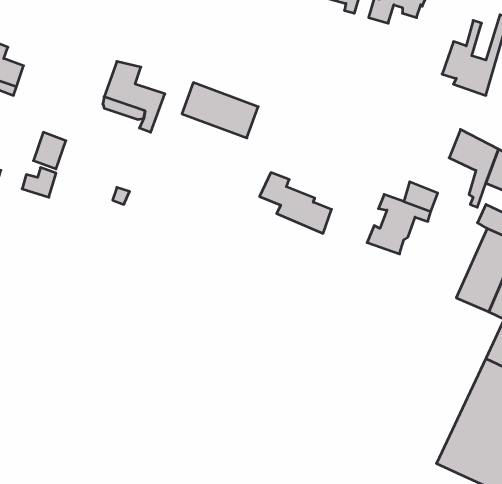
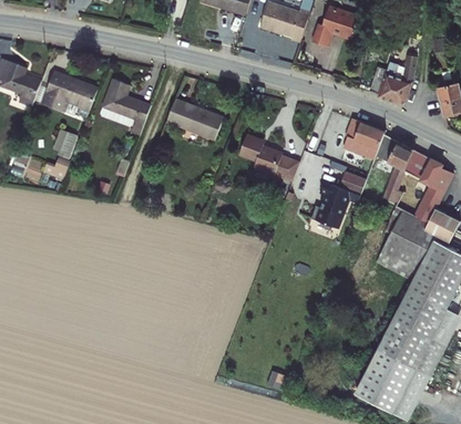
building: none -> [41,70,99,116]
building: none -> [342,115,383,156]
building: [260,173,332,233] -> [240,131,297,178]

